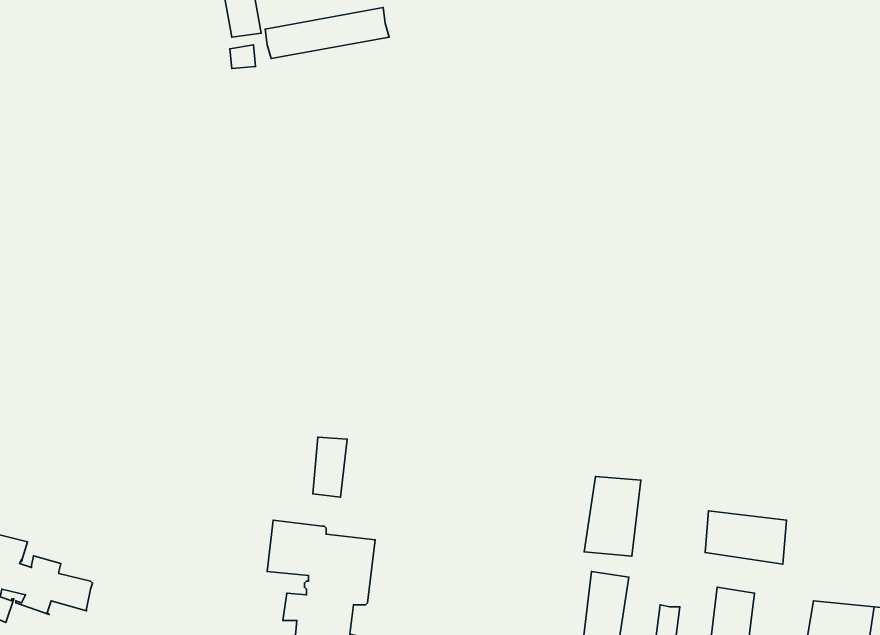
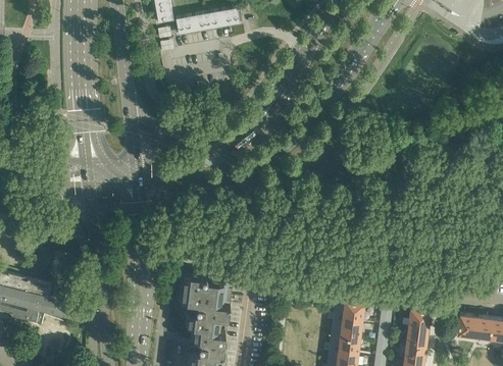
building: [313,437,347,497] -> none
building: [584,476,641,556] -> none
building: [705,511,787,564] -> none

